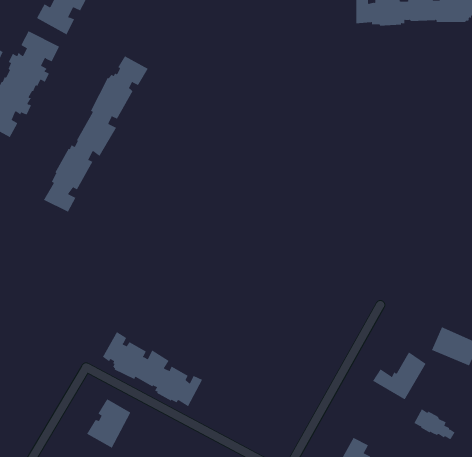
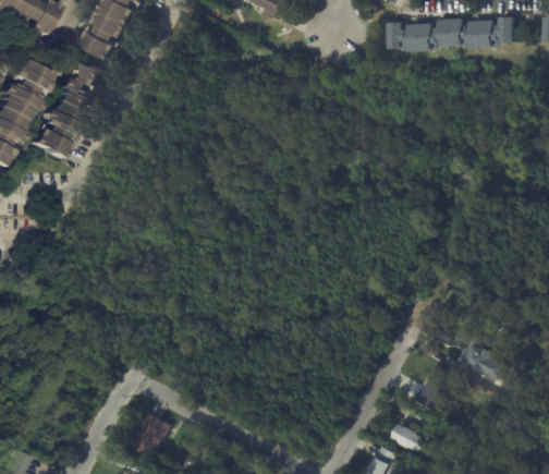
building: [43,56,148,212] -> none
building: [102,331,203,407] -> none
building: [414,409,455,440] -> [392,426,432,457]

